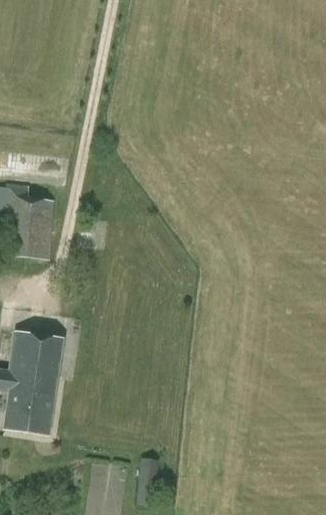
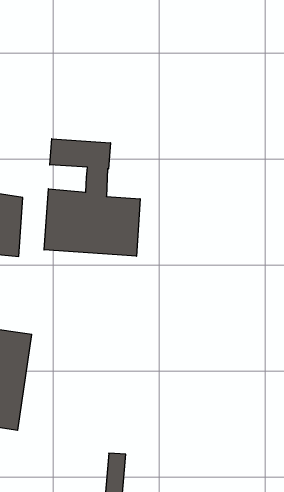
building: none -> [44,139,140,256]

